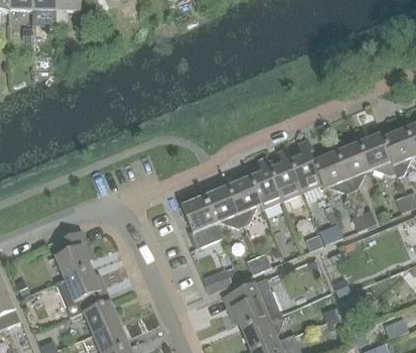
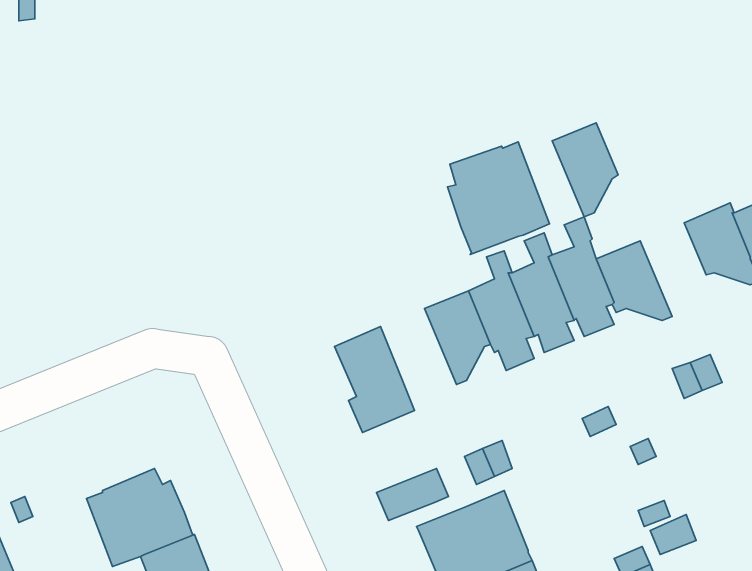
building: none -> [447,142,550,254]
building: [335,143,369,191] -> [552,123,618,217]
building: [204,187,243,227] -> none
building: [54,230,93,278] -> none

